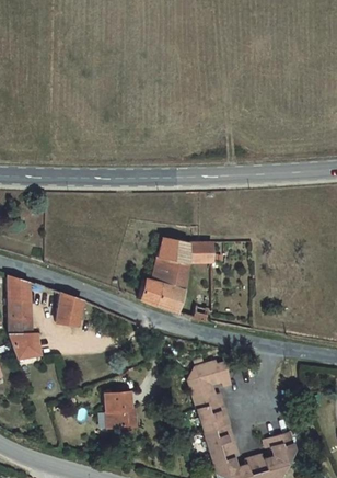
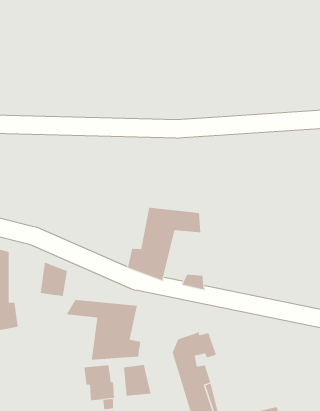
building: none -> [66,299,141,361]
building: none -> [123,364,151,397]

